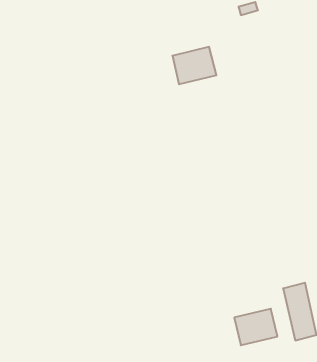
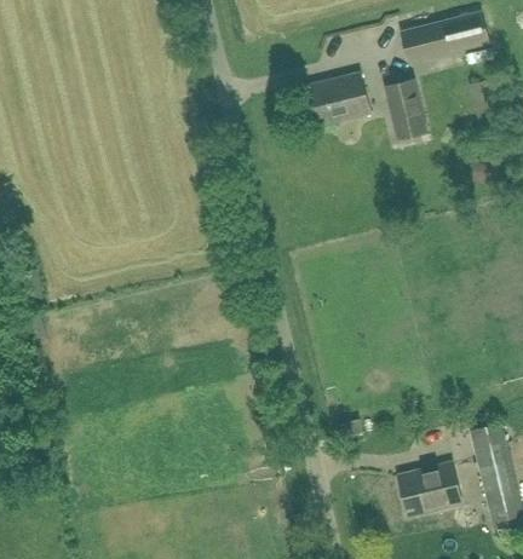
building: none -> [403,13,488,60]
building: none -> [385,80,426,139]

